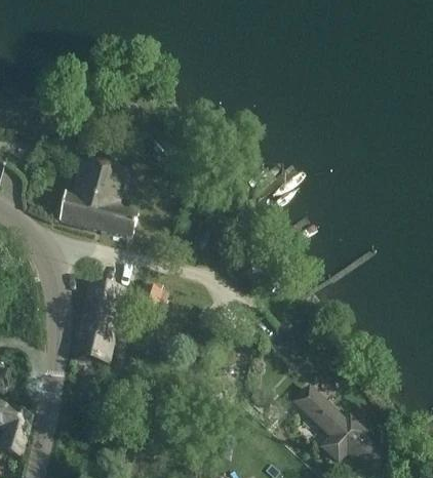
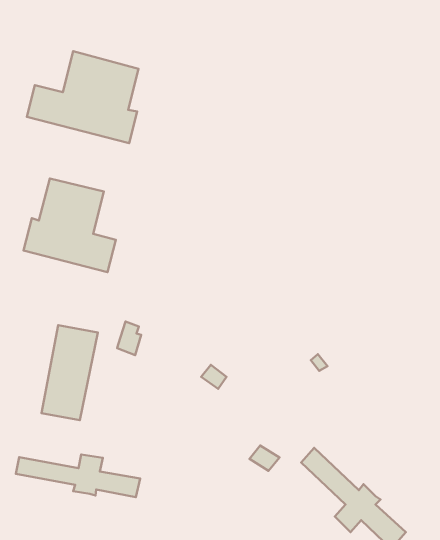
building: none -> [27,51,139,143]
building: none -> [16,454,140,497]

